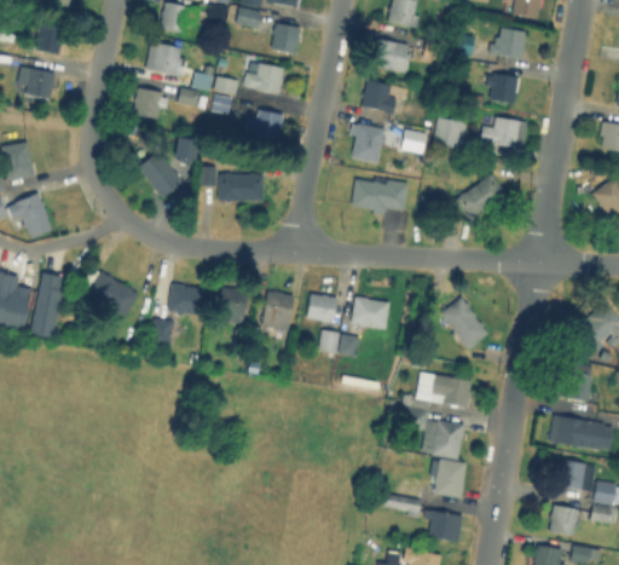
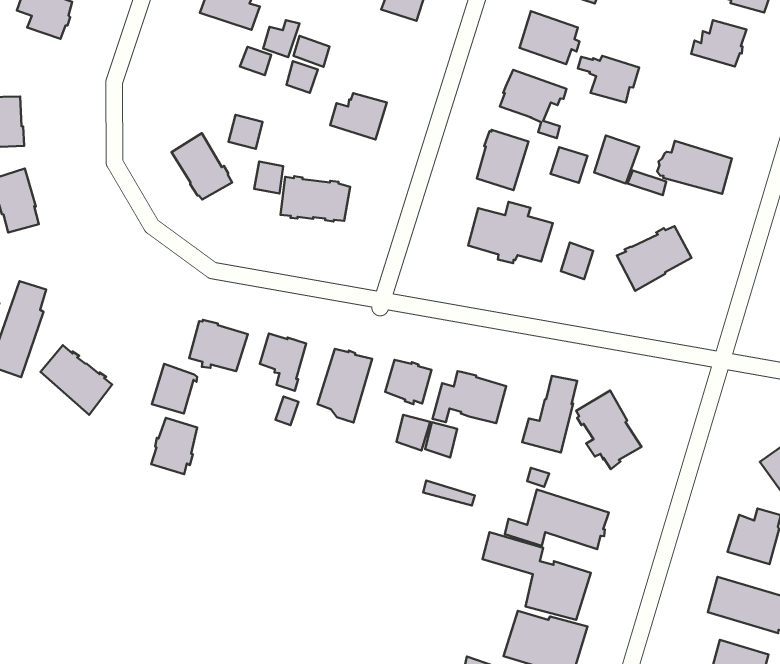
building: [243,63,284,96] -> none
building: [479,73,521,103] -> [578,56,639,102]
building: [134,87,169,119] -> none
building: [88,270,139,316] -> [40,345,112,415]
building: none -> [522,376,577,453]
building: none -> [151,418,197,474]

